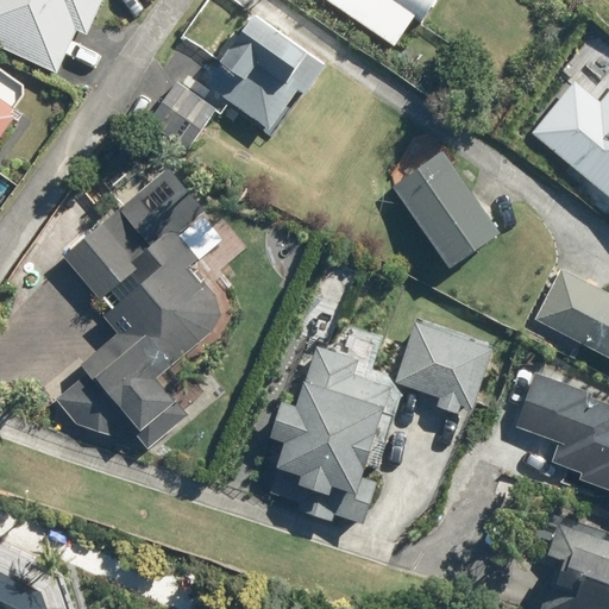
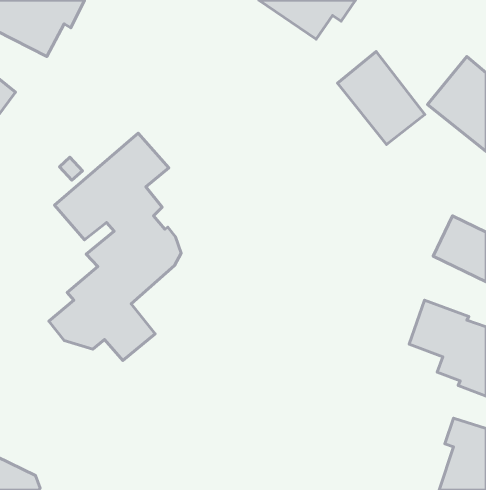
building: [207,13,328,127] -> none
building: [151,81,219,150] -> none
building: [398,149,507,264] -> [338,51,425,144]
building: [385,321,481,413] -> none
building: [256,346,381,522] -> none

